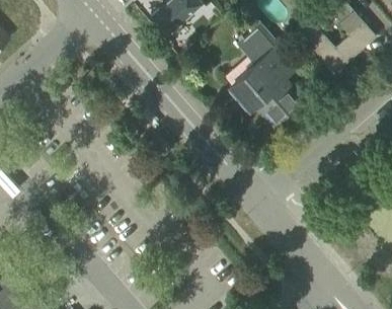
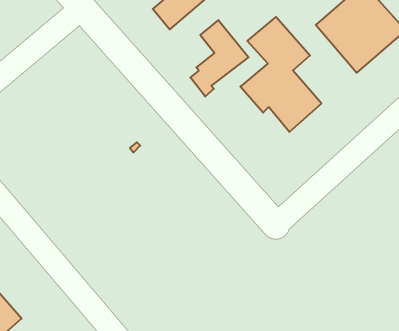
building: none -> [190,20,249,97]

